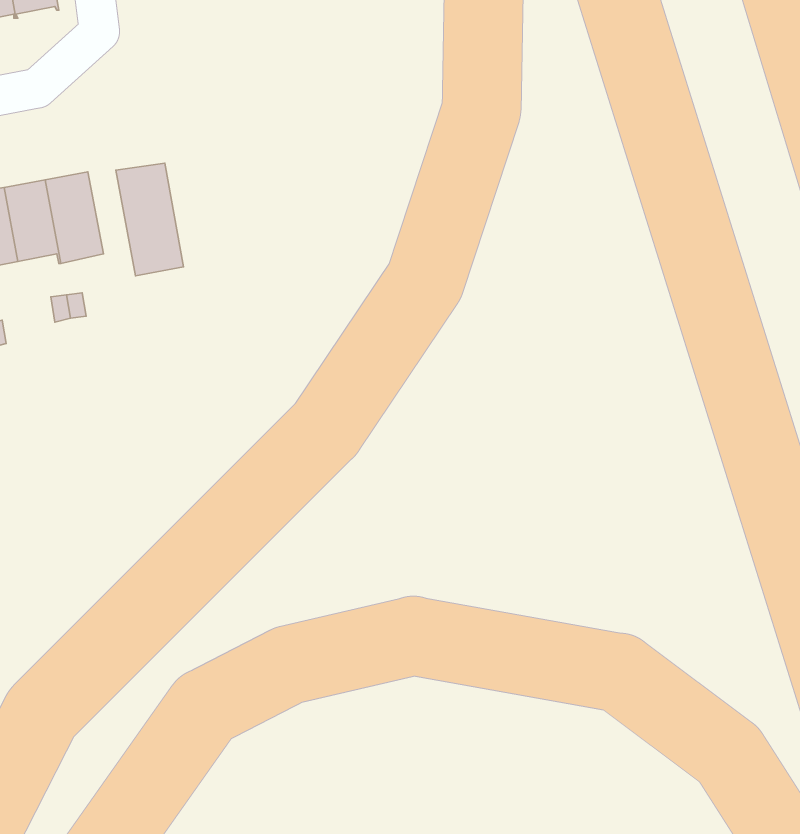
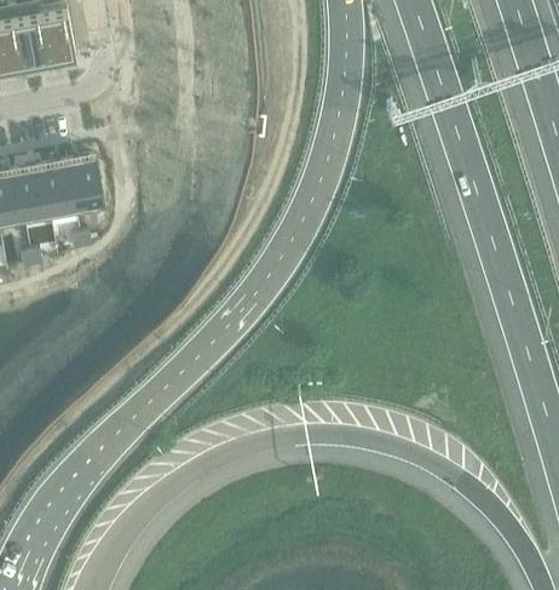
building: [116,163,184,276] -> none

